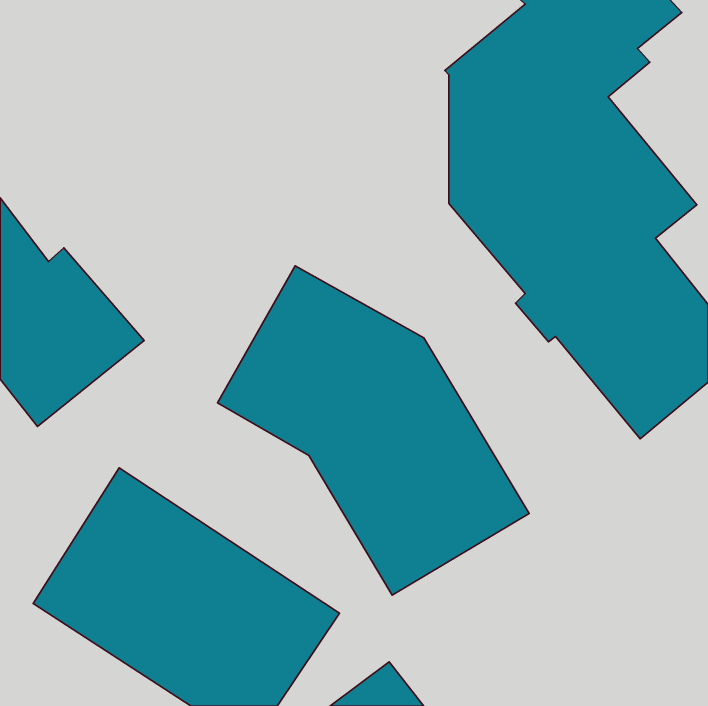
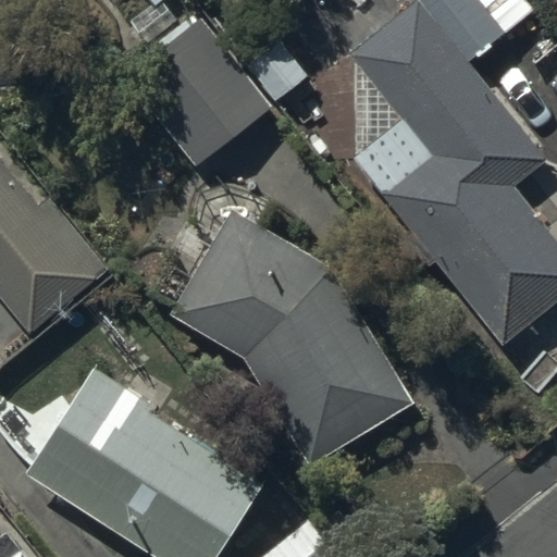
building: none -> [121,13,273,169]

